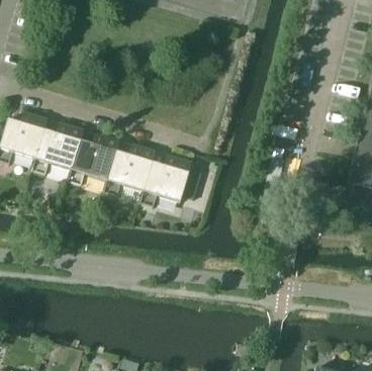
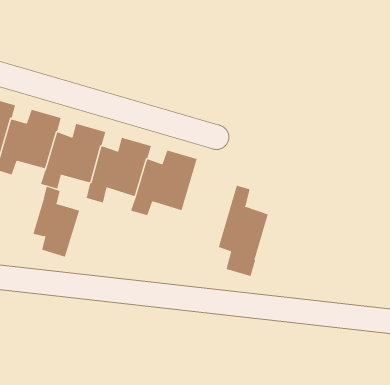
building: none -> [218,185,269,277]
building: none -> [33,186,80,258]

